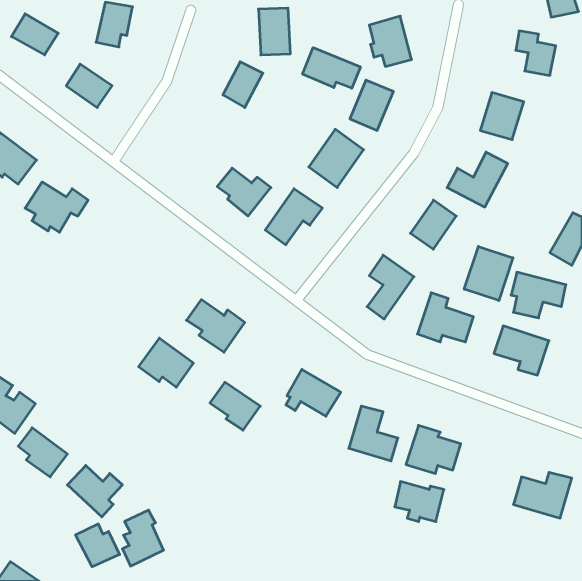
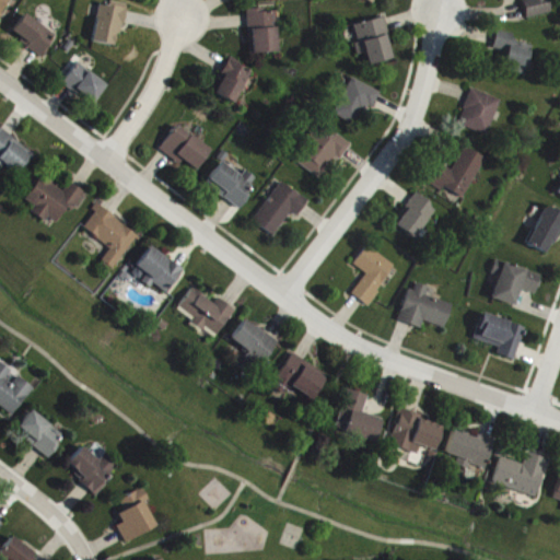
building: [303,48,360,88] -> none
building: none -> [160,124,211,170]
building: none -> [82,205,138,268]
building: [464,246,513,301] -> none
building: [139,338,193,387] -> [130,245,183,292]
building: [210,382,260,430] -> [230,318,278,364]
building: [395,482,444,522] -> [445,430,492,468]
building: [76,524,120,567] -> none

